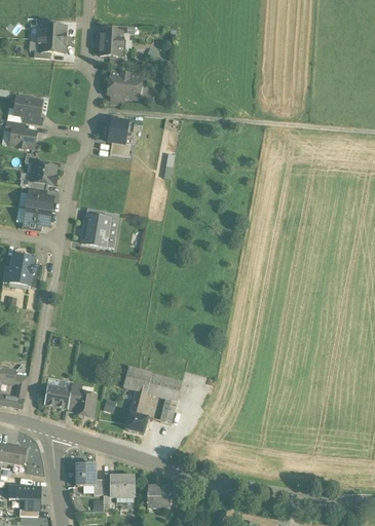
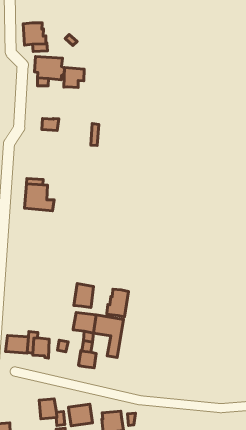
building: [108,118,134,143] -> [64,67,84,88]
building: none -> [74,283,94,307]
building: none -> [107,289,129,317]

